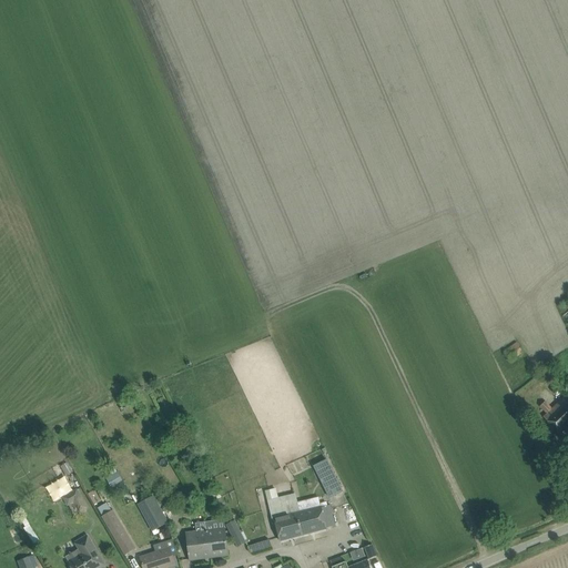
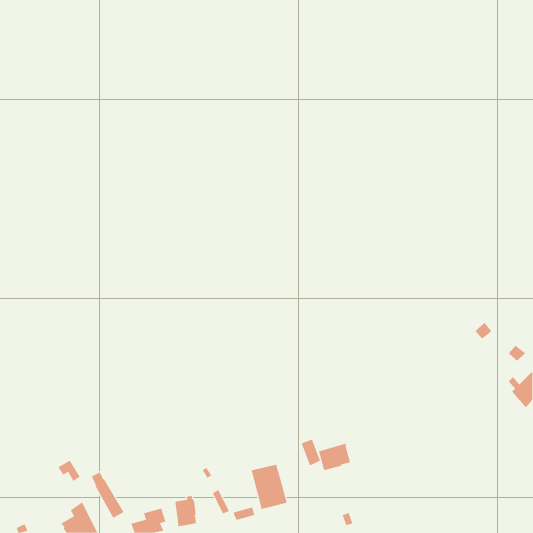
building: [135,495,166,530] -> none
building: [300,504,334,534] -> [318,443,351,471]
building: [204,525,227,556] -> none

